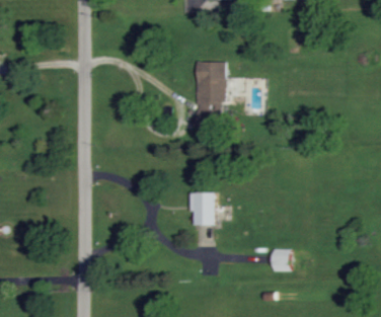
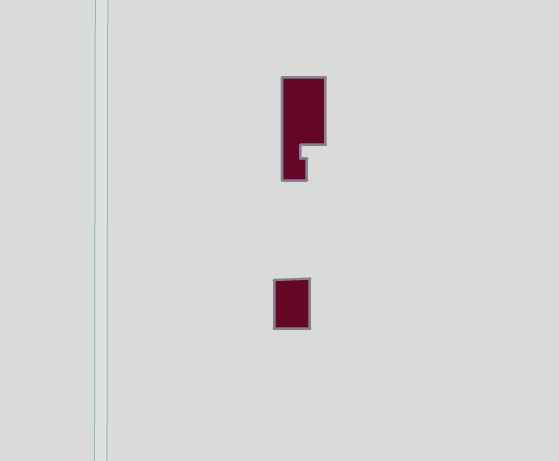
building: [272,248,290,270] -> none

